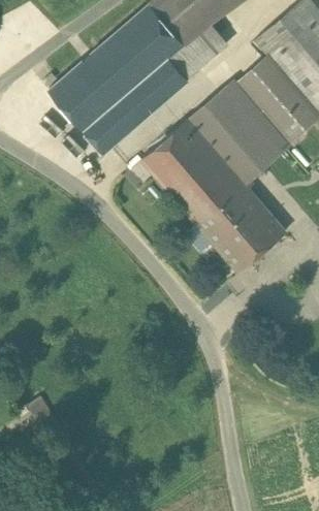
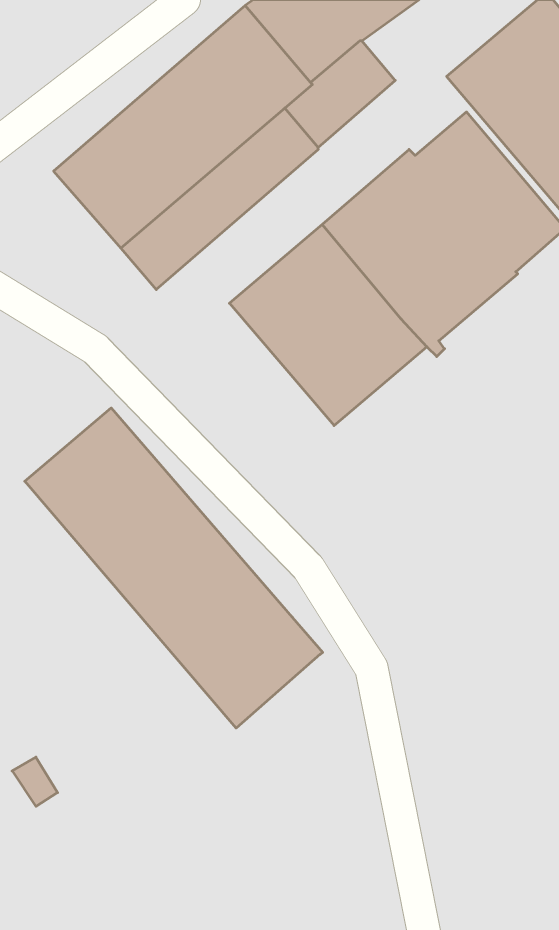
building: [195,183,286,273] -> none
building: none -> [25,408,323,728]

